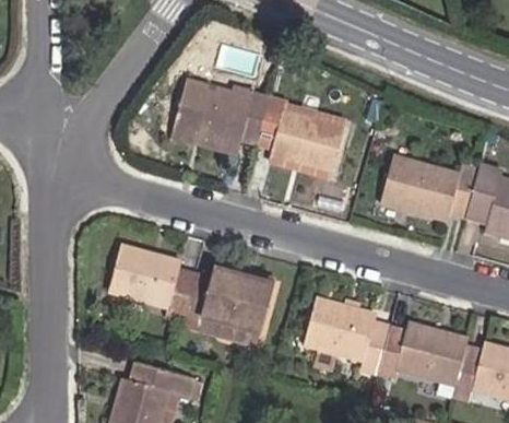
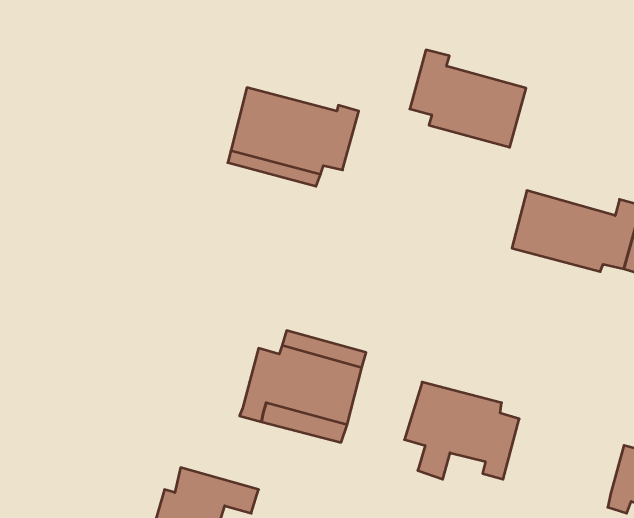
building: [257,98,343,171] -> [410,50,526,147]
building: [109,247,194,319] -> none
building: [376,325,466,383] -> none

